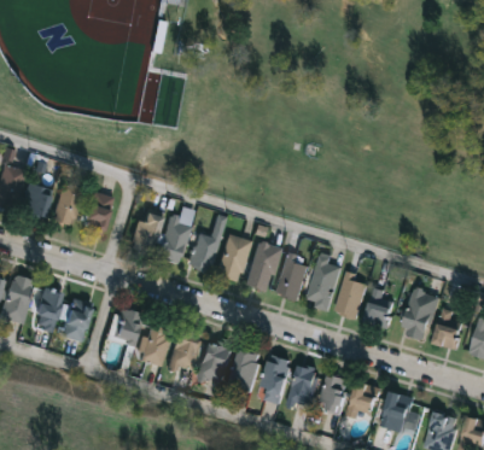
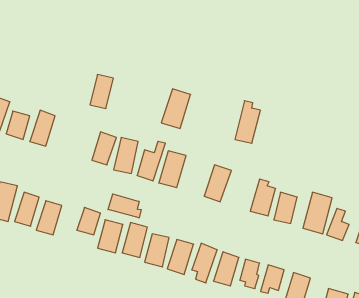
building: [82,193,112,236] -> [90,75,113,109]
building: [244,242,281,293] -> [161,89,191,128]
building: [307,255,339,309] -> [235,101,260,143]
building: none -> [108,194,141,218]

